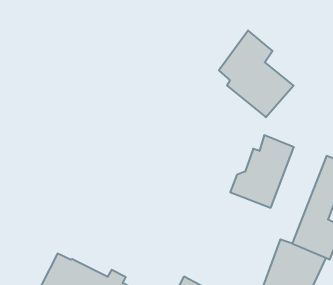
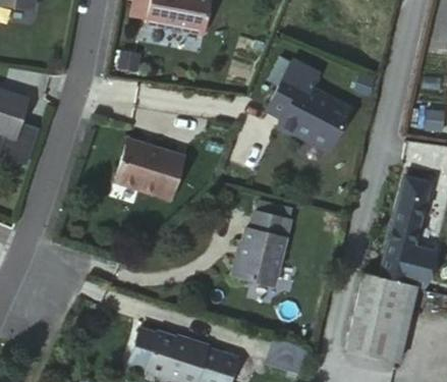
building: none -> [119,139,185,199]
building: [230,135,294,208] -> [230,211,289,286]

